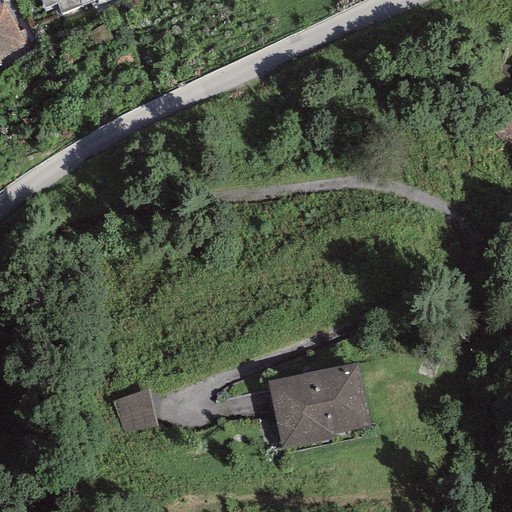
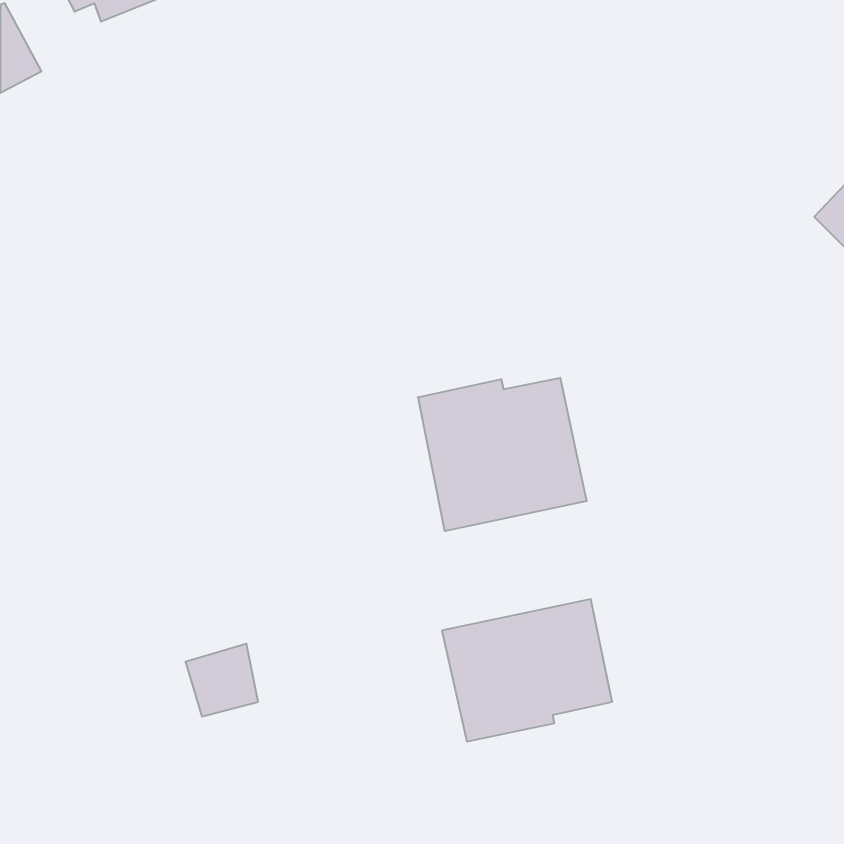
building: none -> [418,378,587,531]

